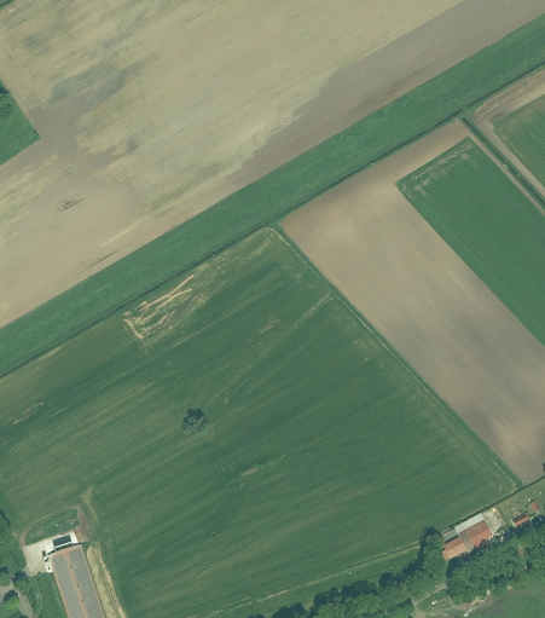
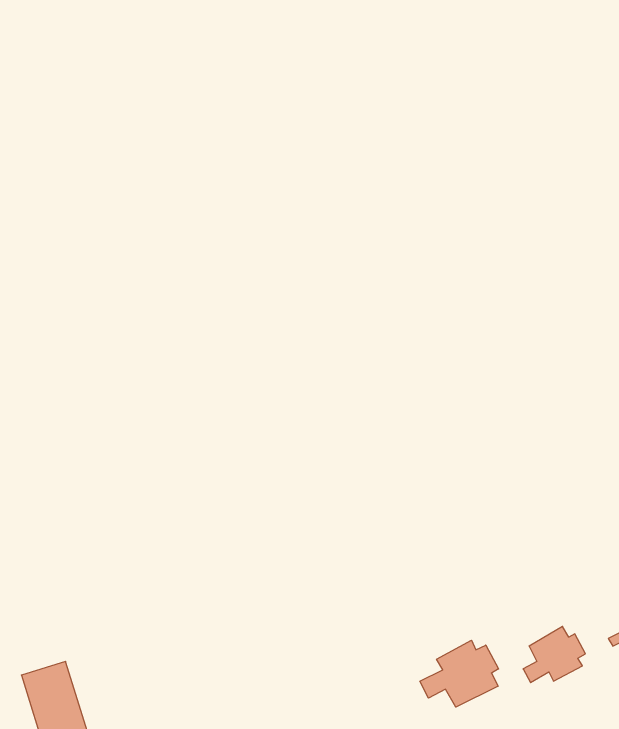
building: none -> [420,640,499,707]

